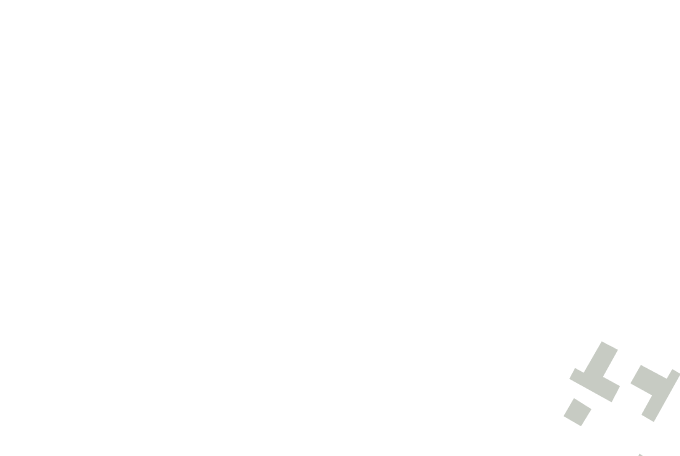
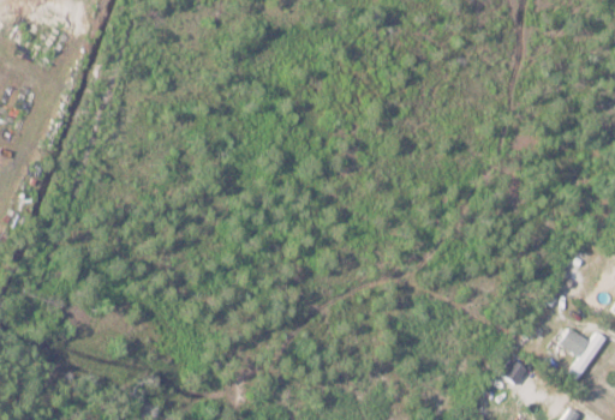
building: [568,340,621,403] -> none

